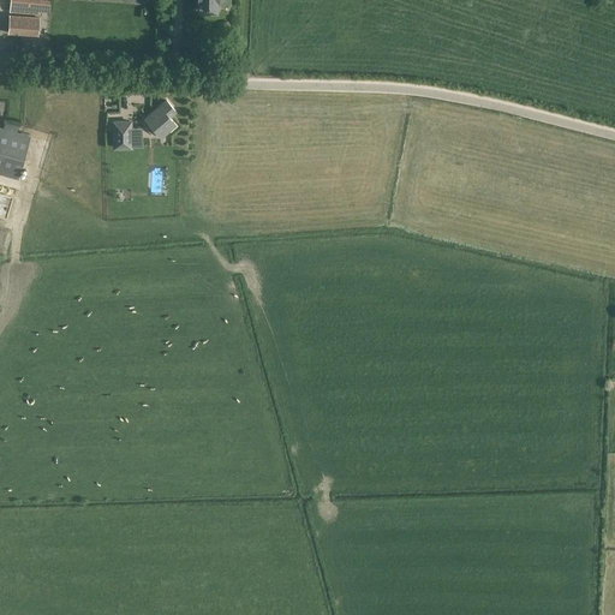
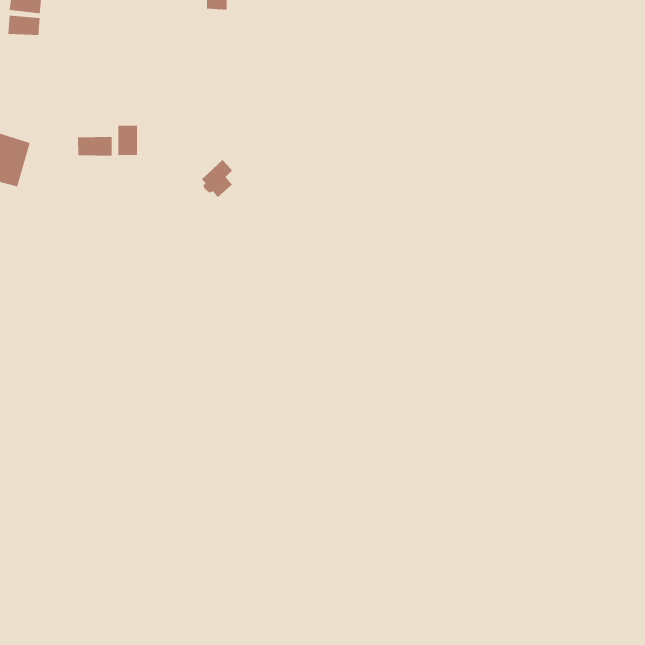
building: [144,98,174,136] -> [201,159,233,198]
building: none -> [78,136,112,157]

